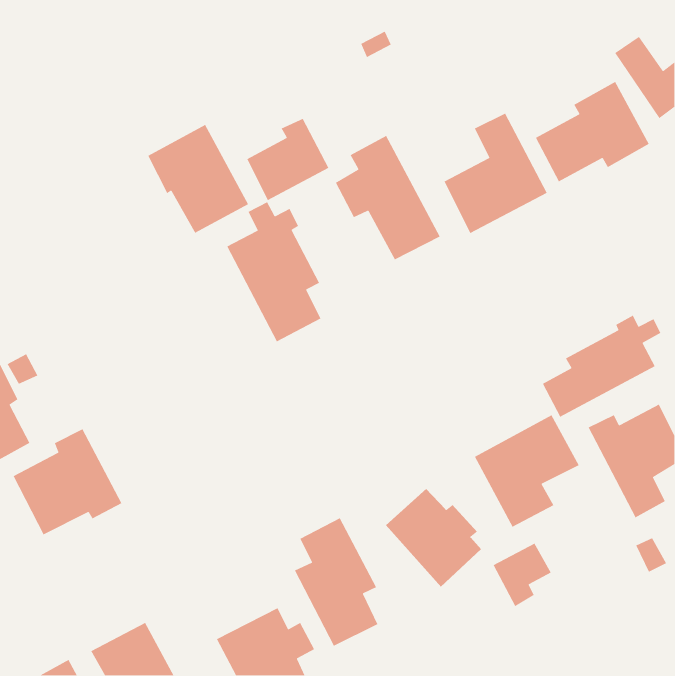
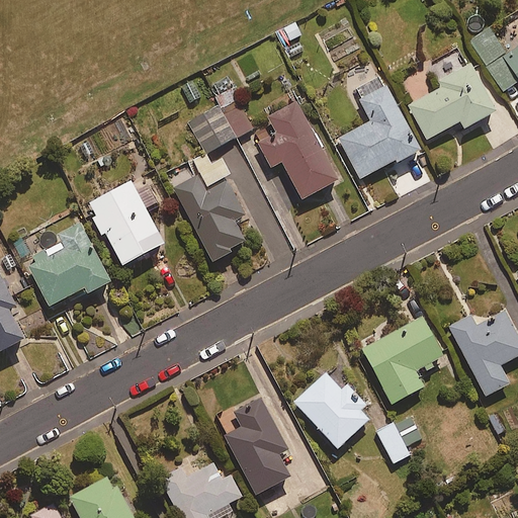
building: [147,124,249,234] -> [86,181,164,265]
building: [542,314,662,418] -> none
building: [13,428,122,535] -> [26,224,110,306]

